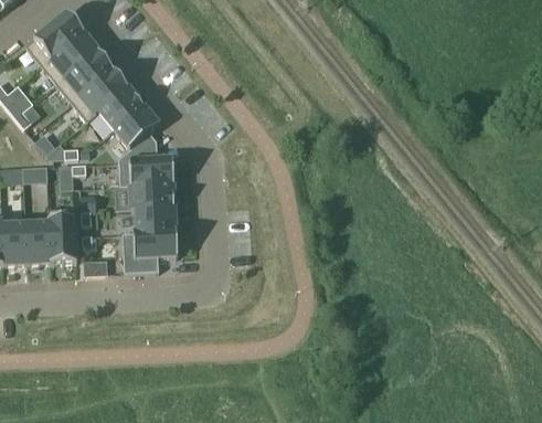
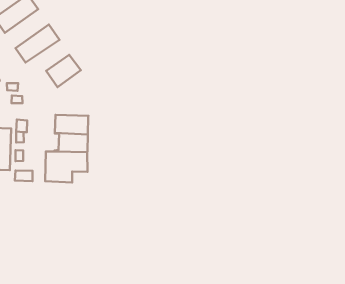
building: [56,47,113,101] -> none
building: [86,85,142,127] -> none
building: [118,130,173,184] -> none

